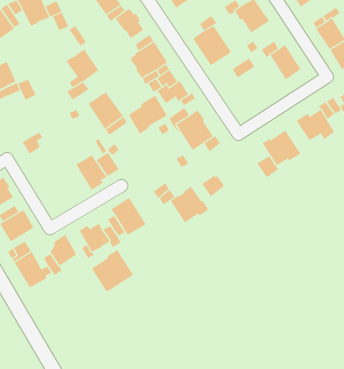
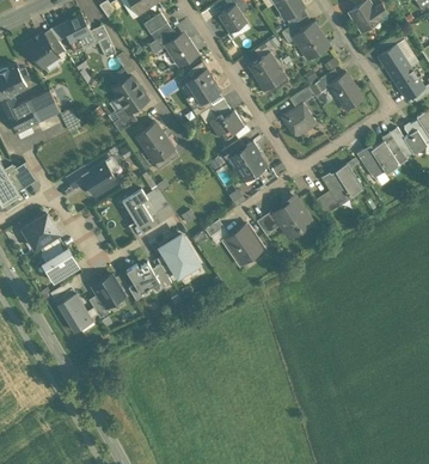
building: none -> [281,103,314,138]
building: [128,95,167,134] -> none
building: none -> [81,161,116,195]
building: none -> [274,196,310,232]
building: [91,249,134,291] -> none

